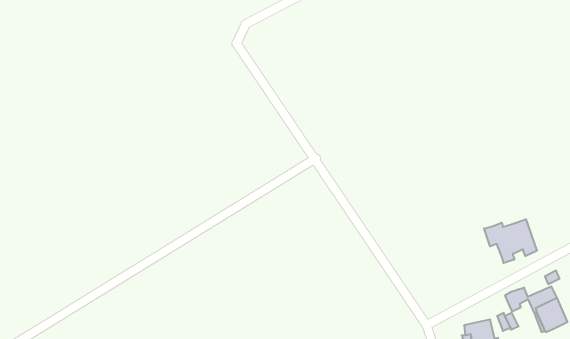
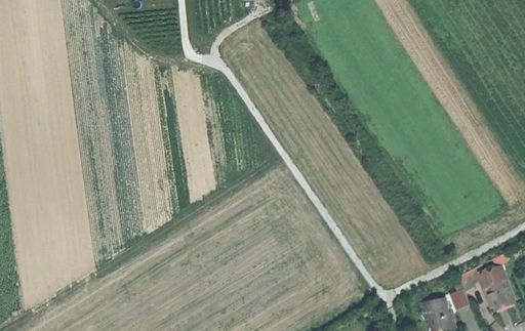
building: [484,219,537,263] -> none

